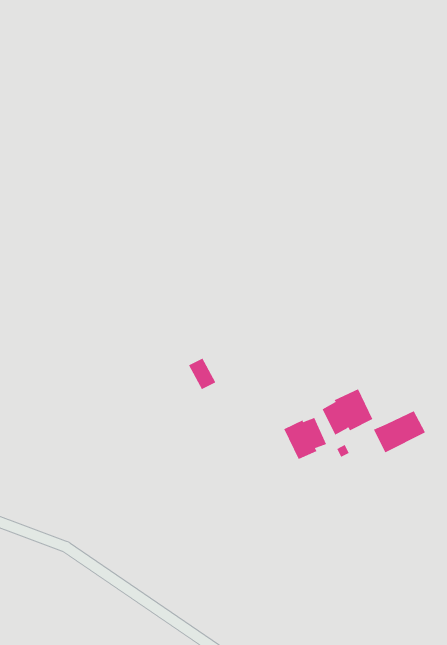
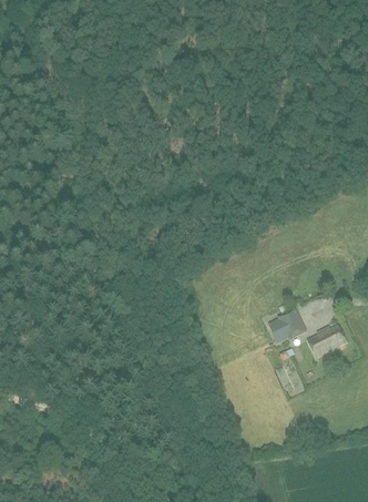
building: [284,417,327,460] -> none

